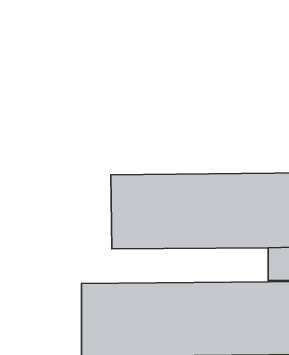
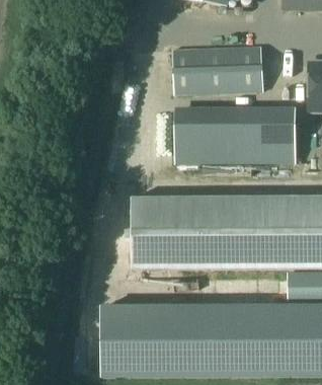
building: none -> [171,46,263,95]
building: none -> [173,106,296,164]

